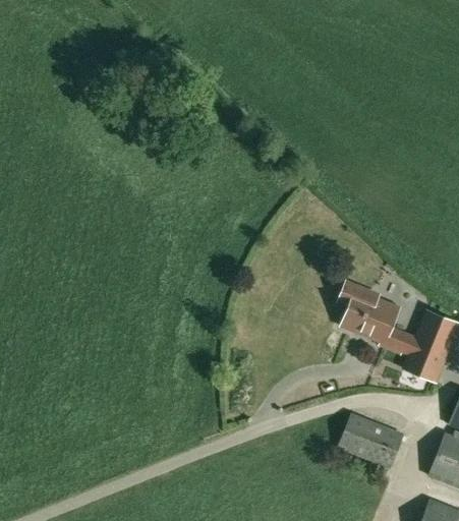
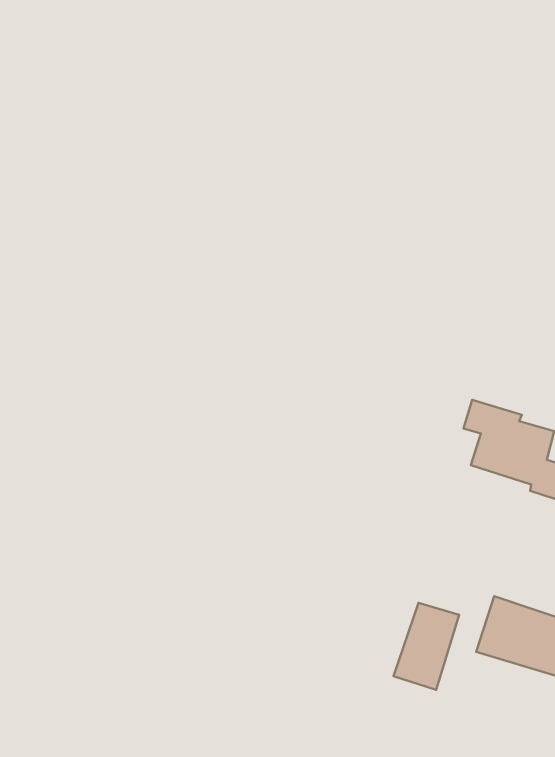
building: none -> [393,603,459,690]

